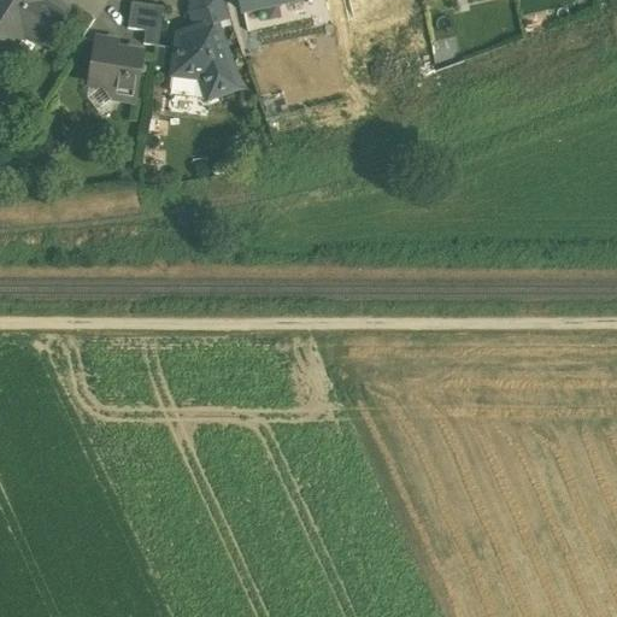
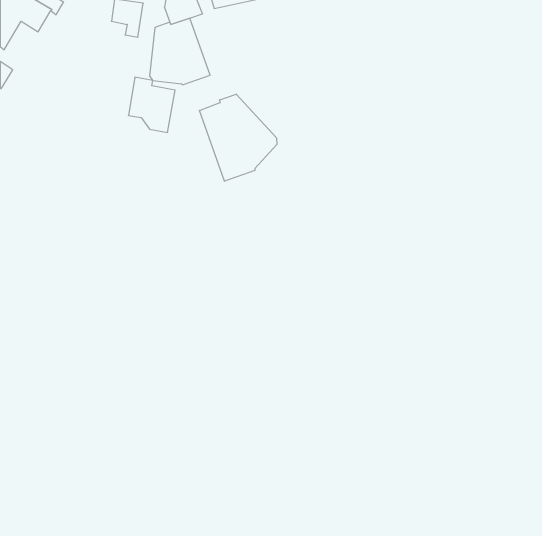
building: [88,36,141,99] -> [128,77,175,132]
building: none -> [199,94,277,181]

